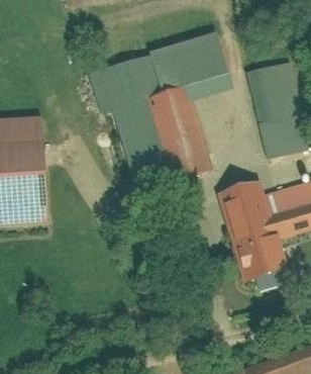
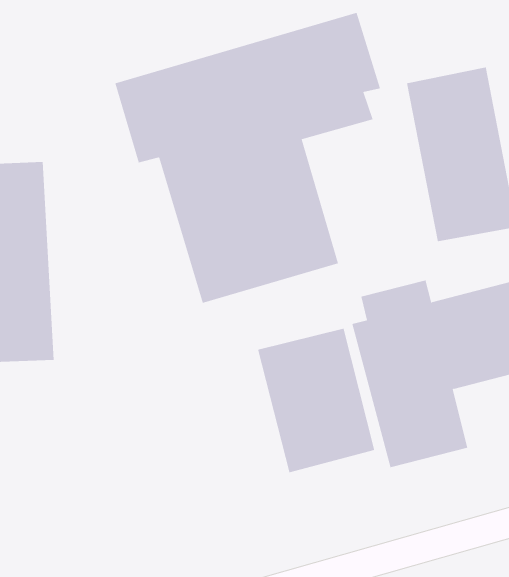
building: none -> [258,328,375,473]

